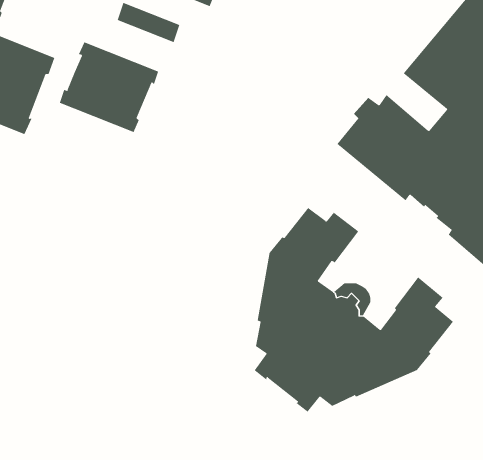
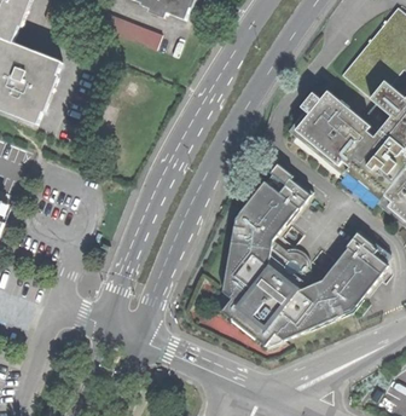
building: [59,42,159,133] -> none

